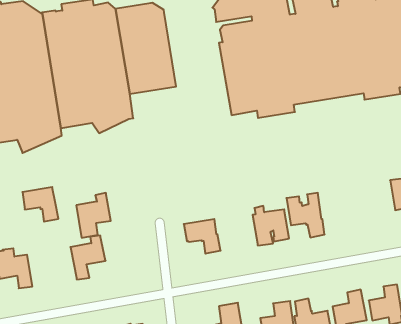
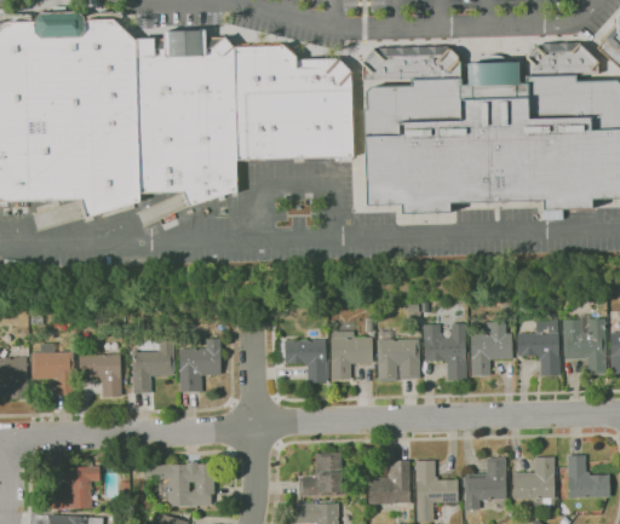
building: none -> [297,58,354,159]
building: none -> [517,319,561,375]
building: [22,187,58,222] -> [80,353,122,397]
building: none -> [471,322,512,375]
building: [76,193,111,238] -> [179,338,222,392]
building: none -> [332,336,373,380]

